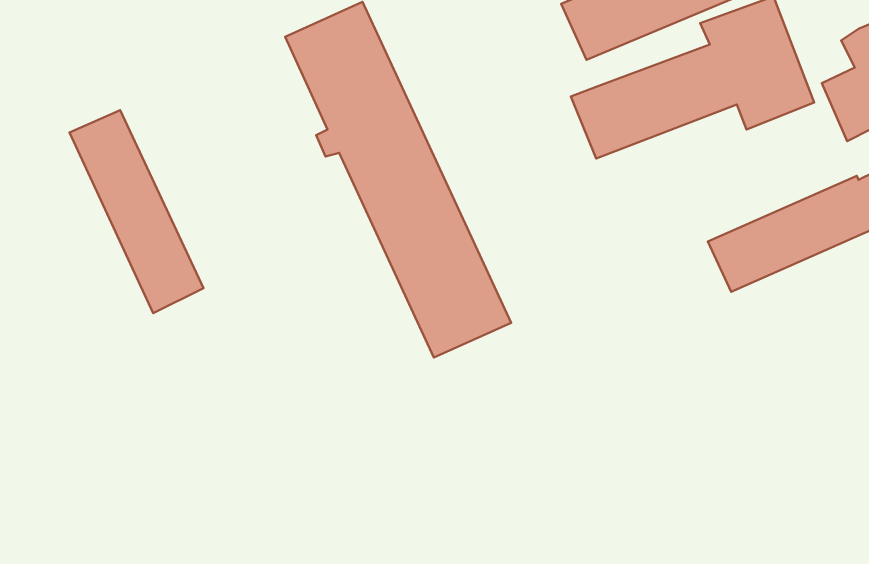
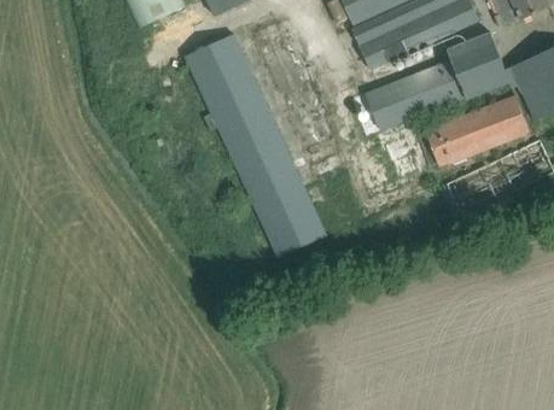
building: none -> [427,95,529,164]
building: [69,110,204,313] -> none

